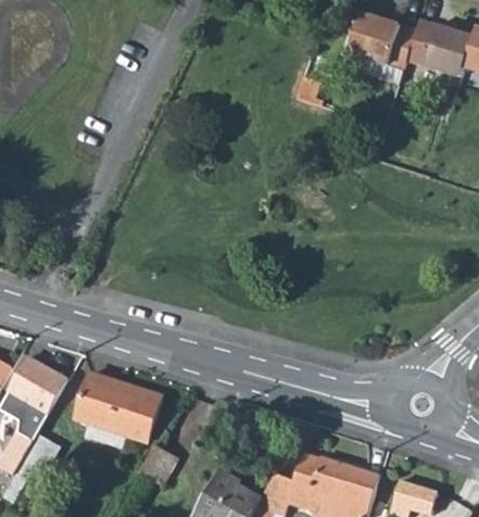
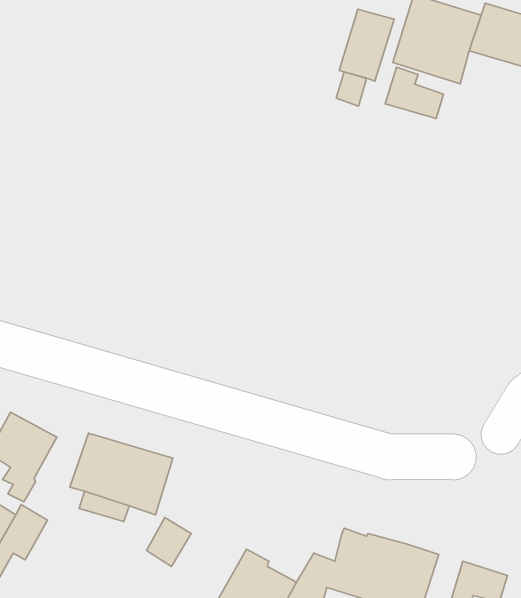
building: none -> [339,9,394,81]
building: none -> [385,67,444,119]

